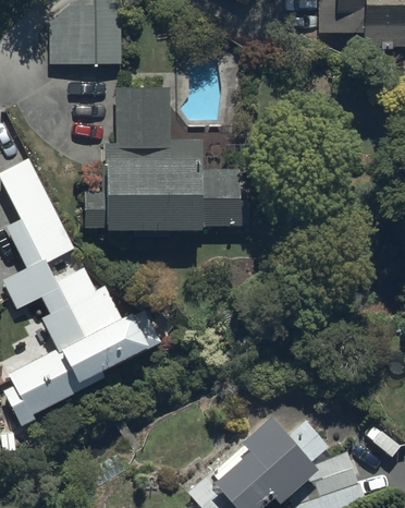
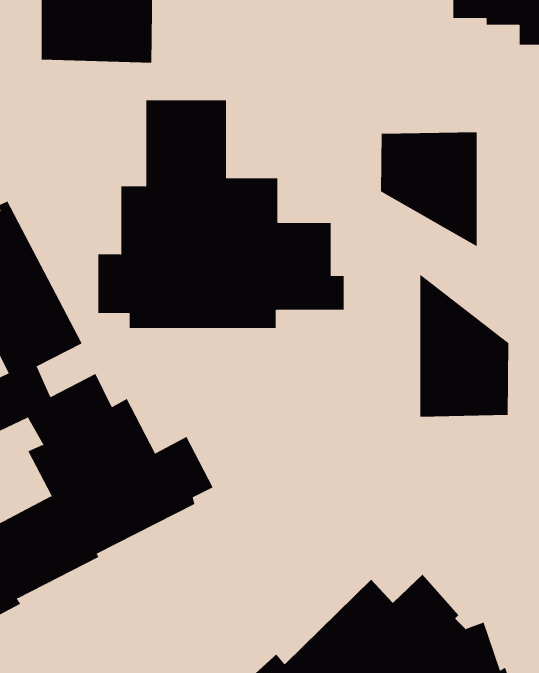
building: none -> [381,132,477,247]
building: none -> [420,274,509,417]

